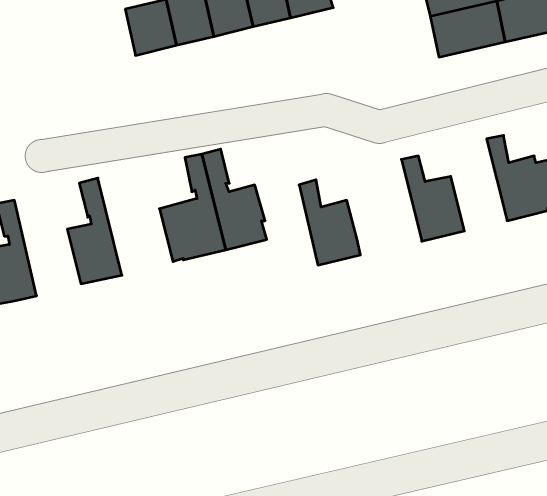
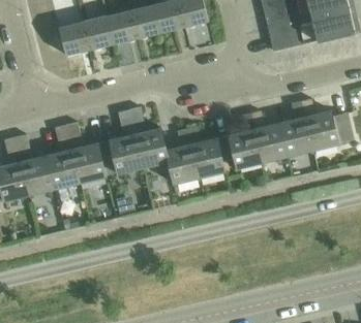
building: none -> [59,22,89,55]
building: none -> [280,100,314,156]
building: none -> [217,112,263,168]
building: none -> [66,122,112,183]
building: none -> [166,128,200,183]
building: none -> [16,134,56,195]

